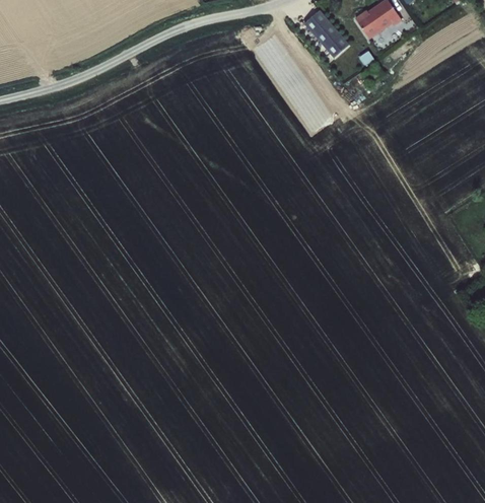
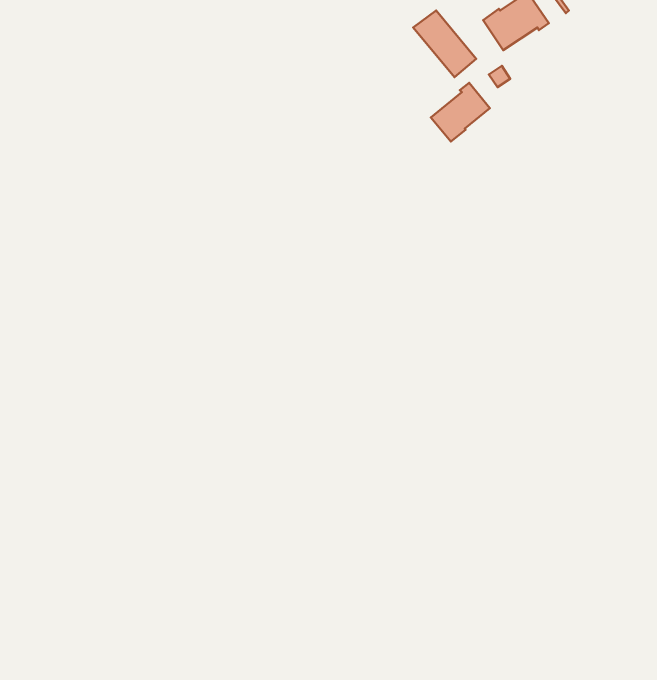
building: none -> [431,83,490,141]

